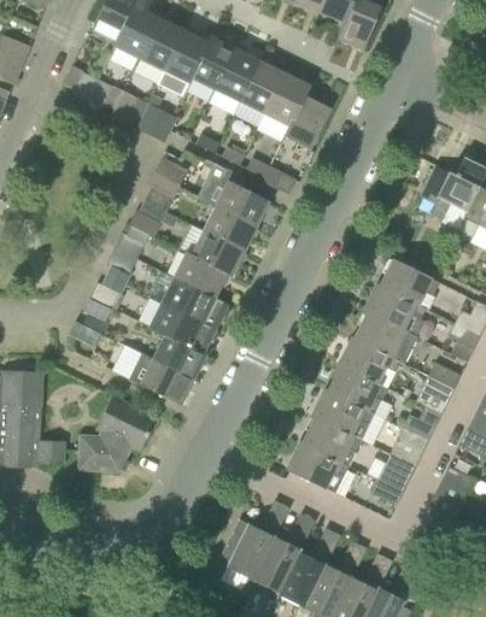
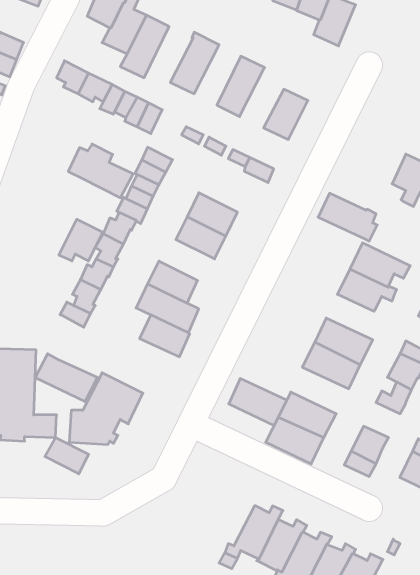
building: [158,29,210,96] -> none
building: [211,48,260,112] -> none
building: [258,72,311,139] -> none
building: [201,169,270,225] -> [68,144,133,198]
building: none -> [59,219,103,261]
building: [174,252,228,298] -> none
building: [351,312,414,363] -> [318,193,377,241]
building: [129,353,195,404] -> [35,354,98,402]
building: [314,389,375,439] -> [229,379,287,425]
building: [391,427,429,464] -> none
building: none -> [45,438,89,474]
building: [218,518,280,578] -> none

